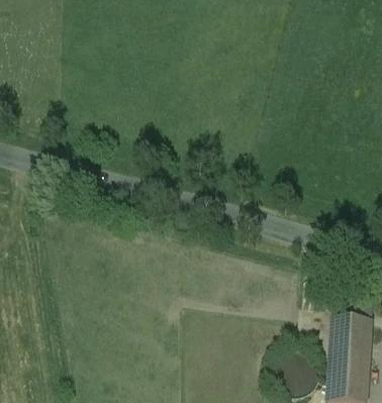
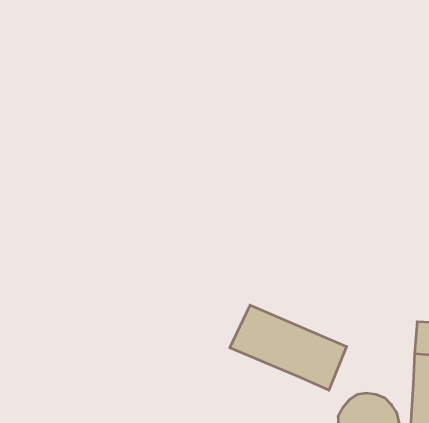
building: none -> [230,305,347,390]

